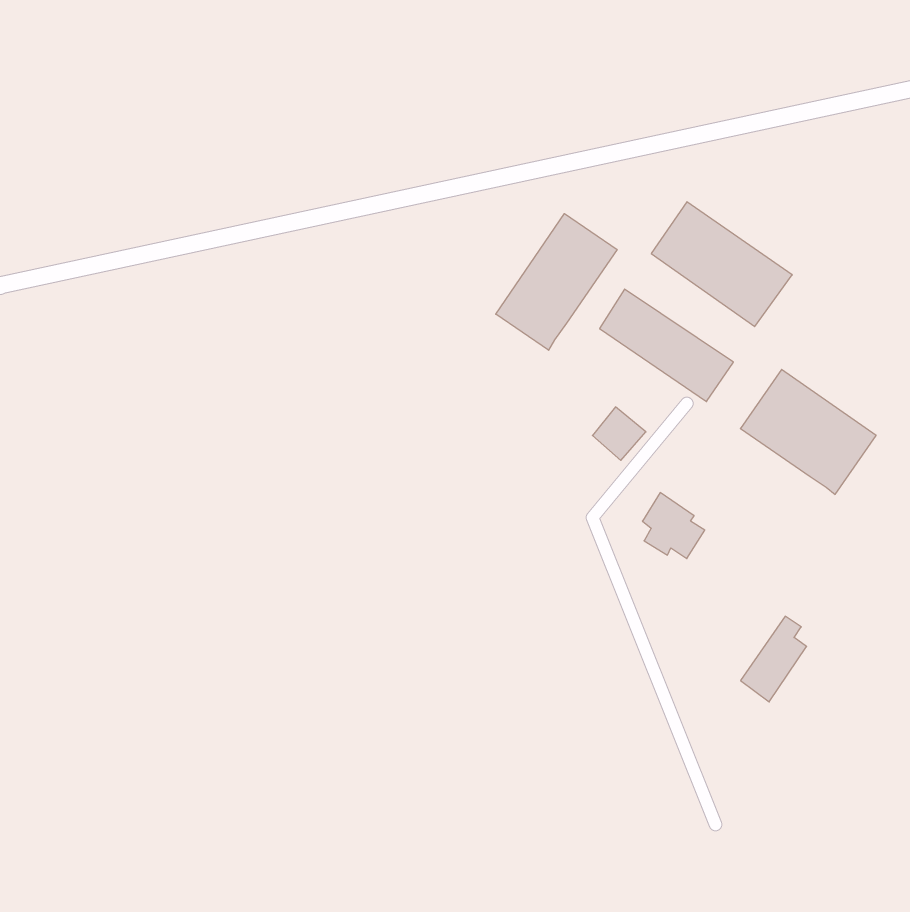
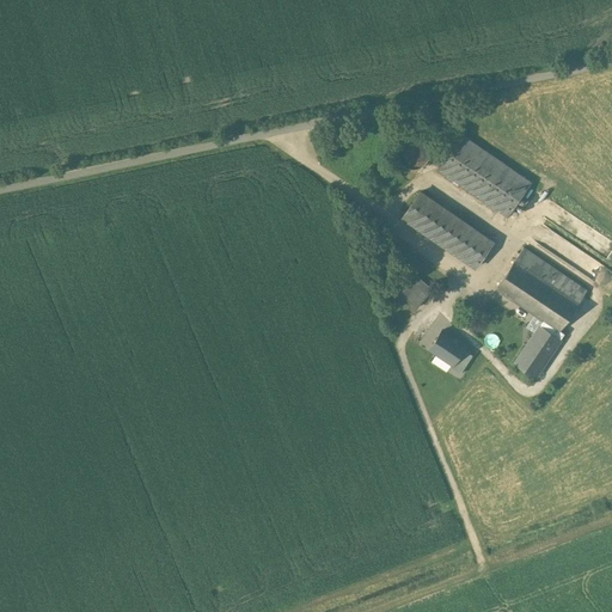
building: [496,214,617,350] -> none
building: [741,616,807,702] -> [514,319,558,377]

